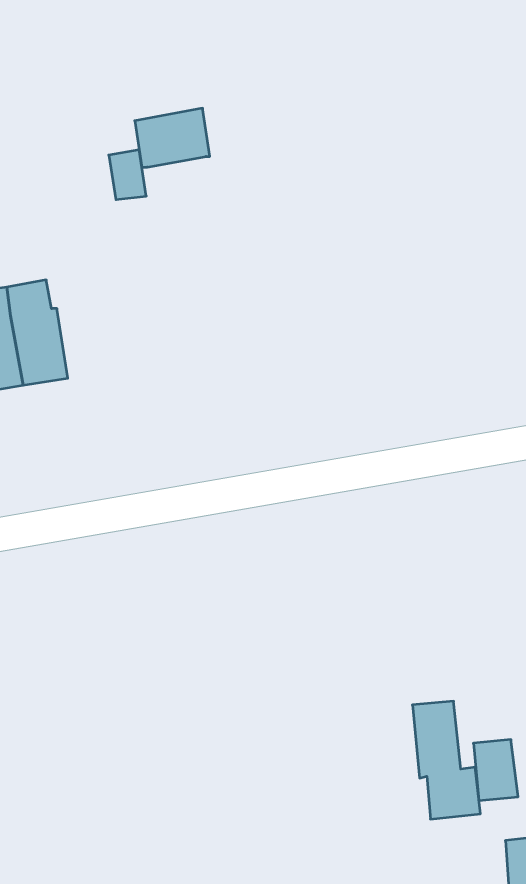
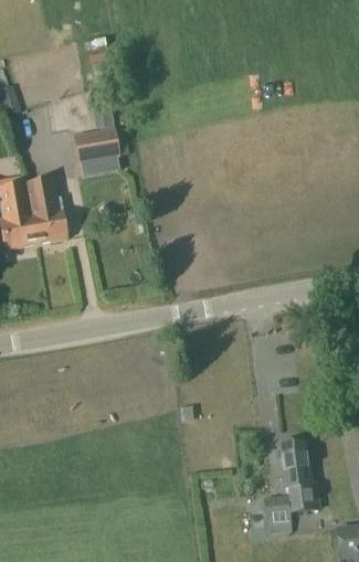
building: [135,108,210,167] -> [73,127,119,163]
building: [473,740,518,800] -> [262,495,289,532]

